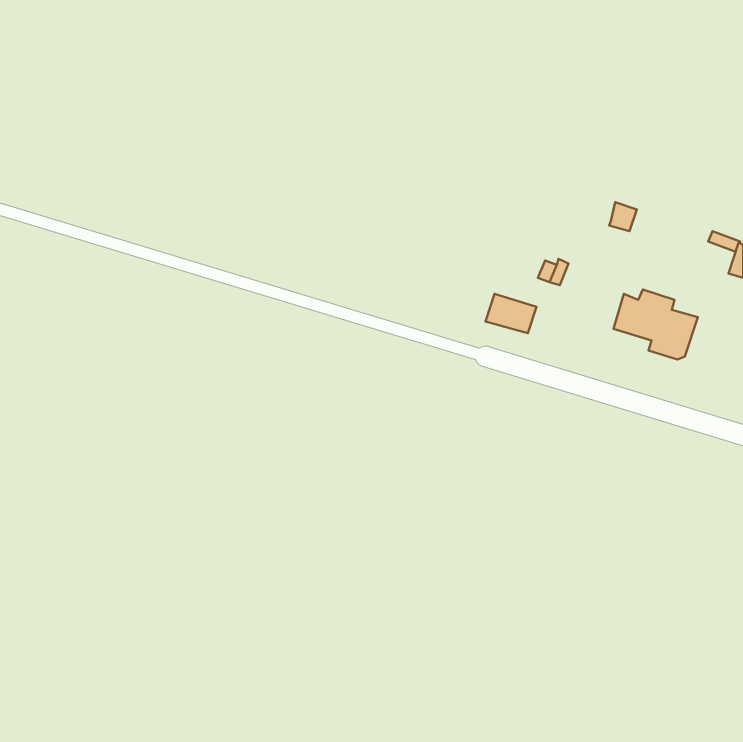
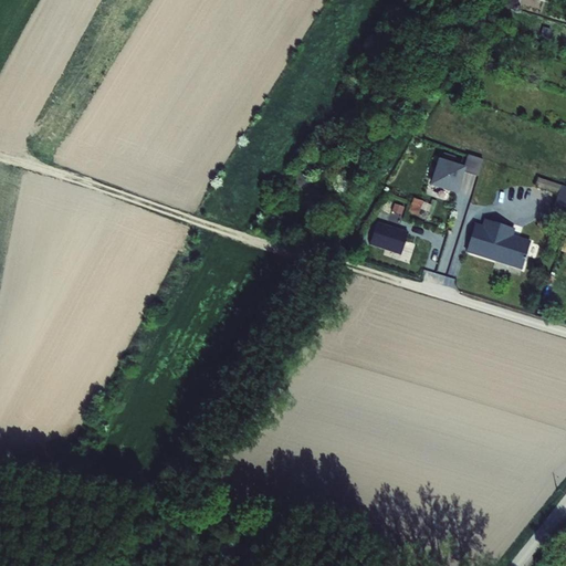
building: none -> [432,153,464,191]

